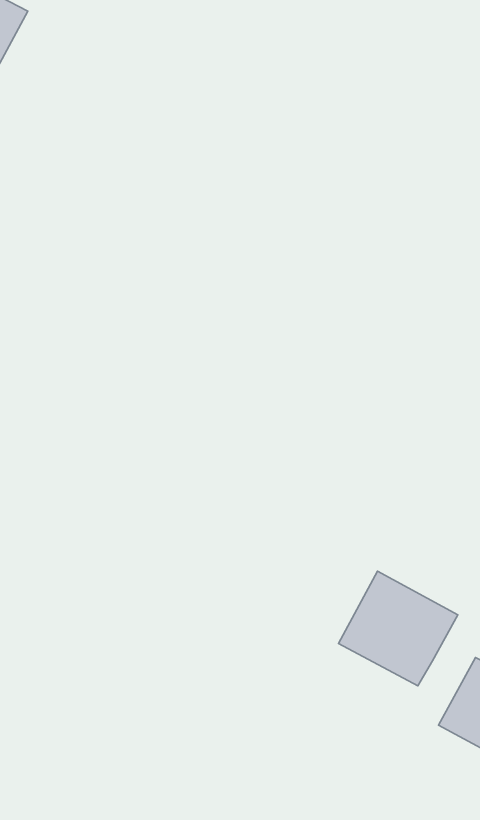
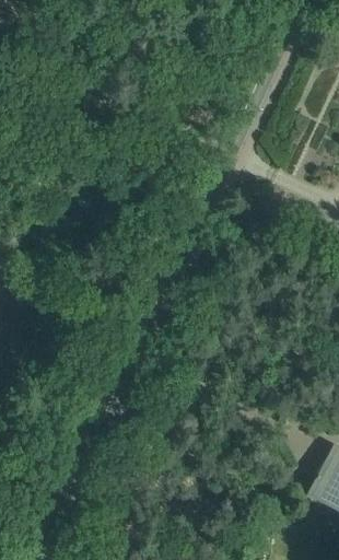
building: [338,571,458,686] -> none

